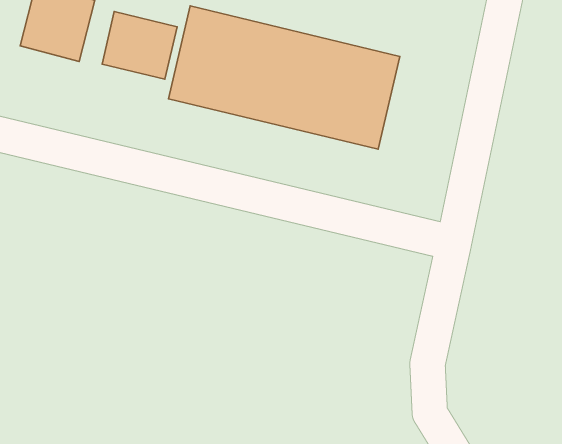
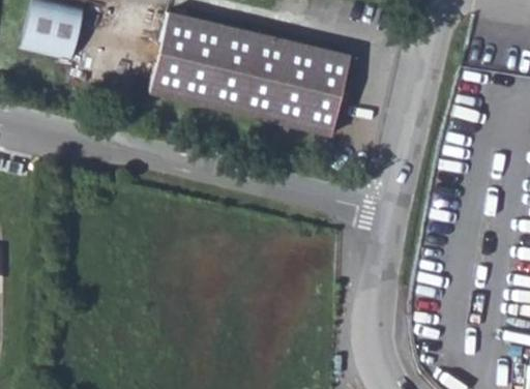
building: [102,11,177,79] -> none

